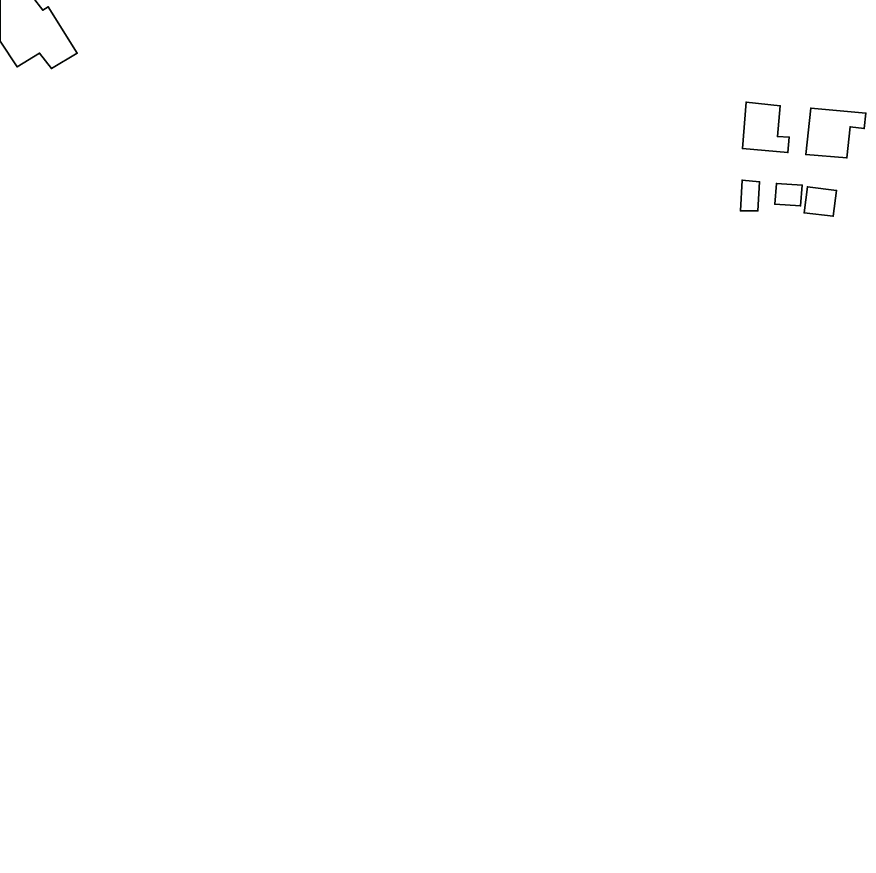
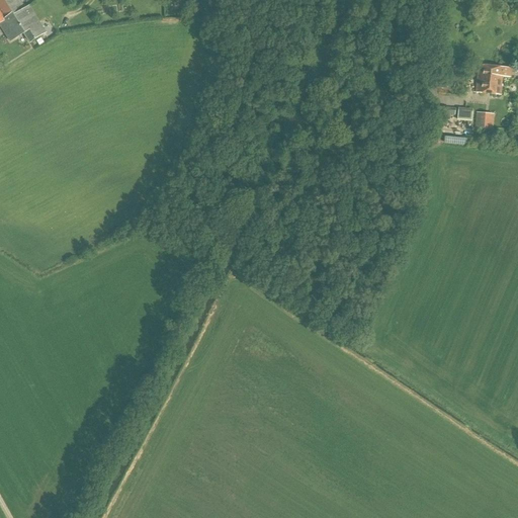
building: [742,102,789,153] -> none

